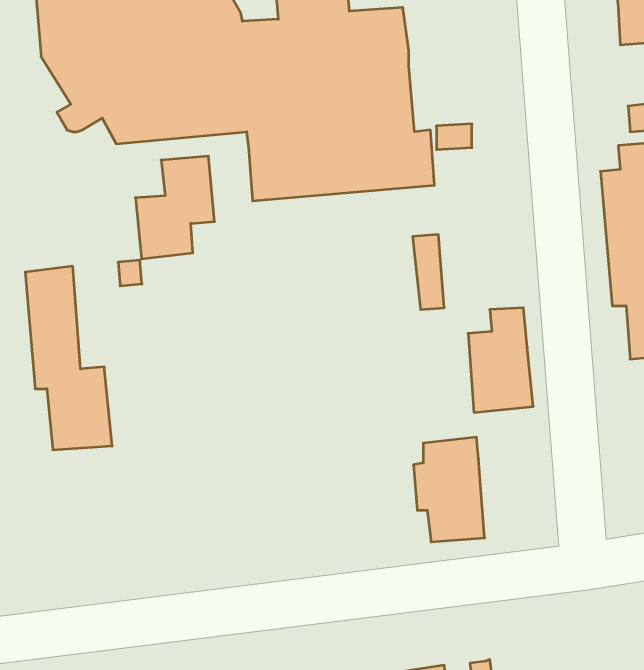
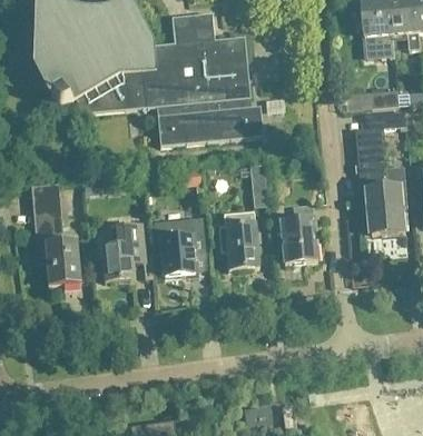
building: [135,156,215,259] -> [100,222,145,280]
building: none -> [155,217,204,275]
building: [413,437,485,542] -> [218,209,258,268]

